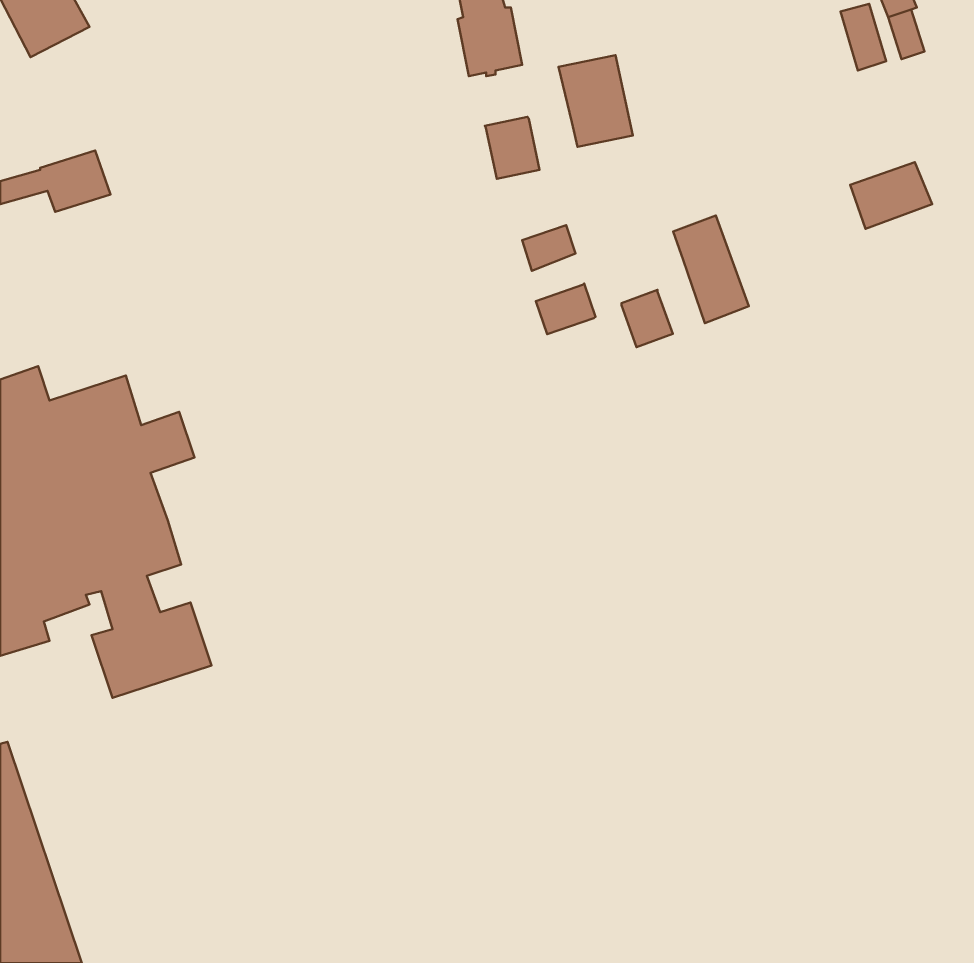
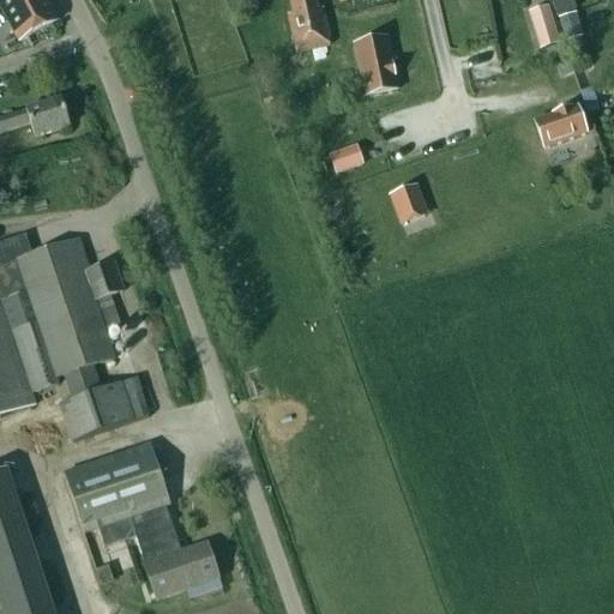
building: [485,117,540,179] -> none
building: [673,216,749,323] -> none
building: [536,284,595,334] -> none
building: none -> [64,441,218,597]

